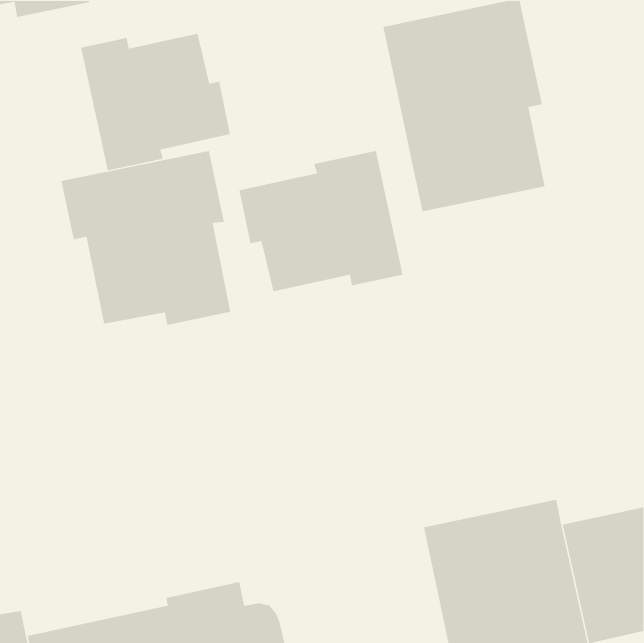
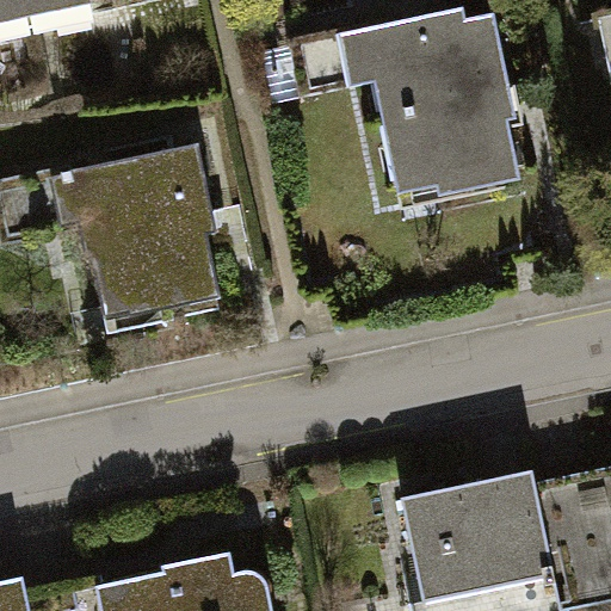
building: [80,33,231,171] -> none
building: [239,150,404,292] -> none

